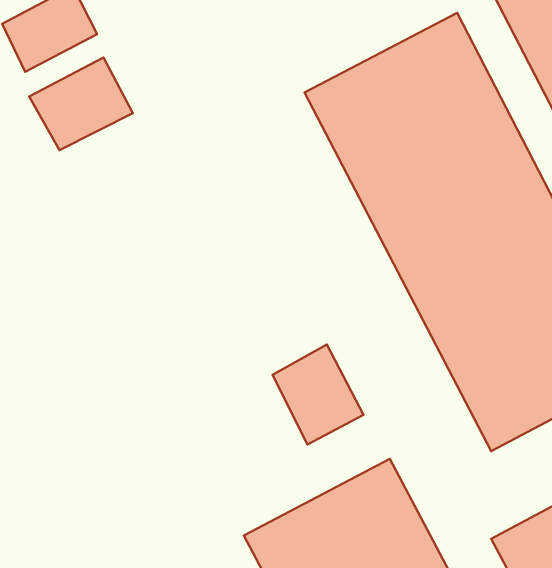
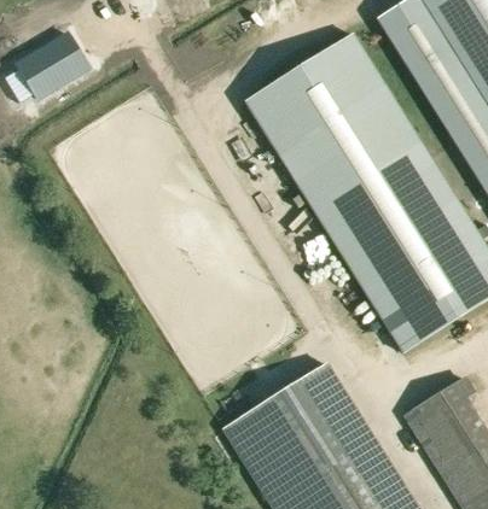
building: [29,58,133,150] -> none
building: [272,344,364,445] -> none

